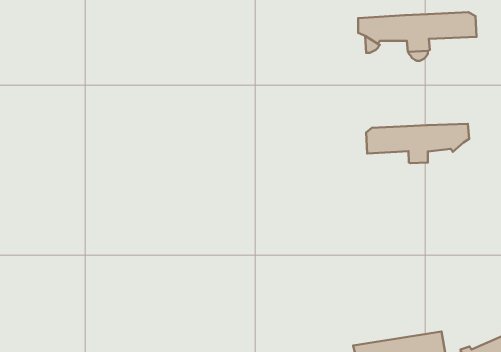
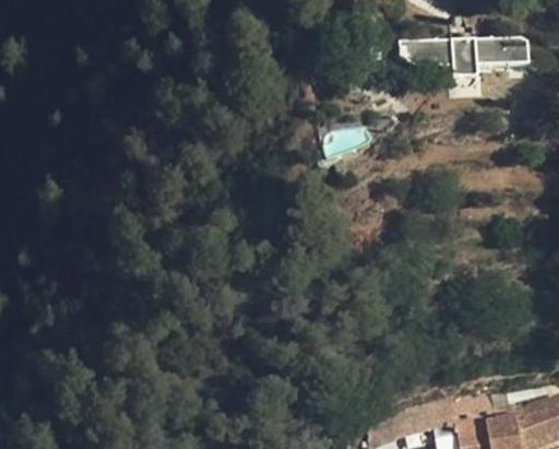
building: [366,124,469,163] -> none

